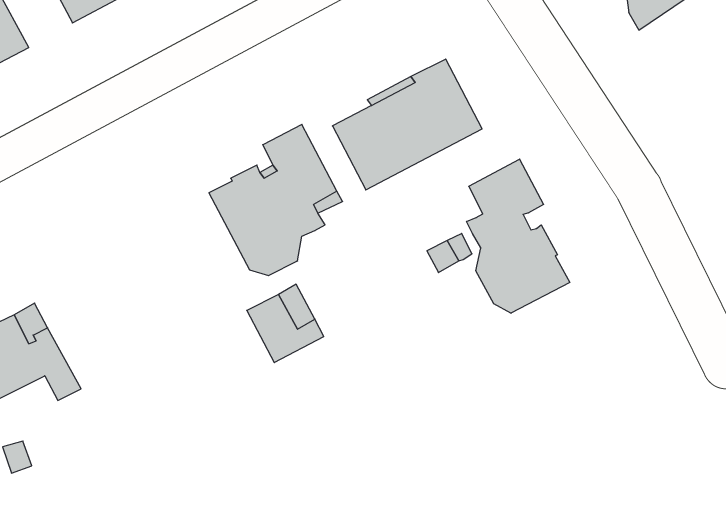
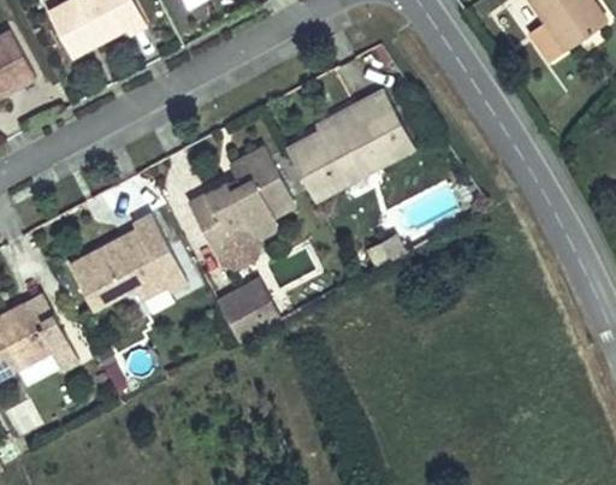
building: [467,159,570,313] -> none
building: none -> [69,214,185,309]

